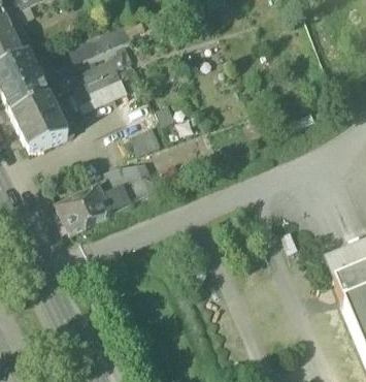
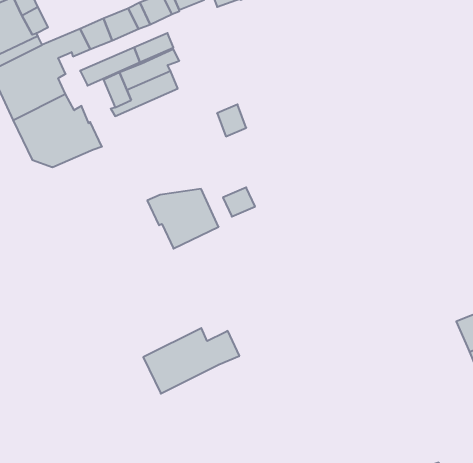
building: [130,126,162,156] -> none
building: [57,186,125,232] -> [143,328,239,394]

